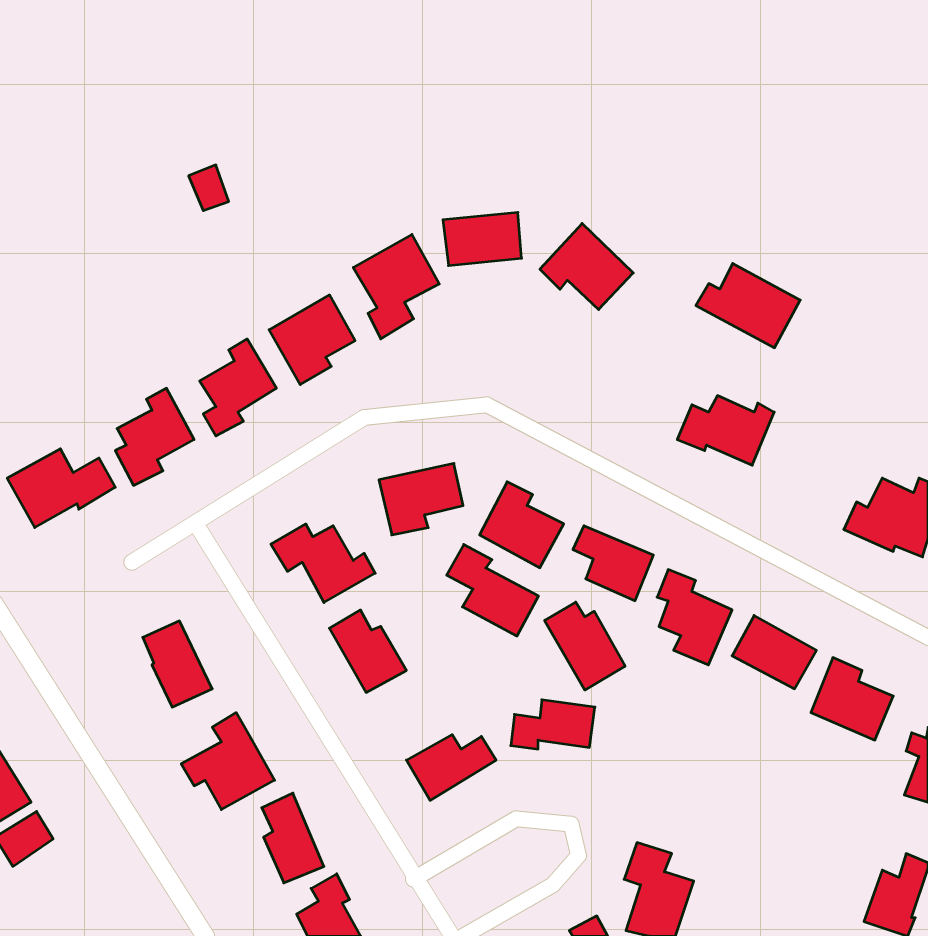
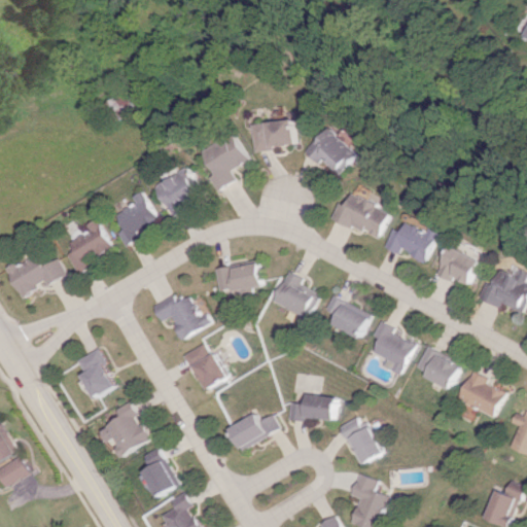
building: [696,263,800,348] -> [329,191,388,239]
building: none -> [433,246,477,283]
building: [447,544,538,636] -> none
building: [545,602,625,690] -> [338,416,383,465]

